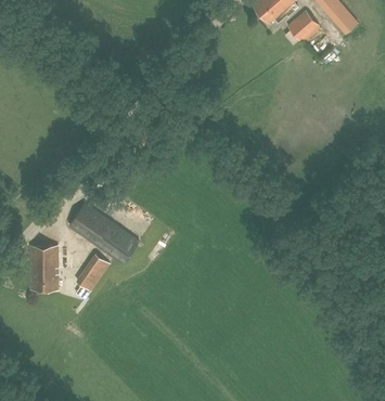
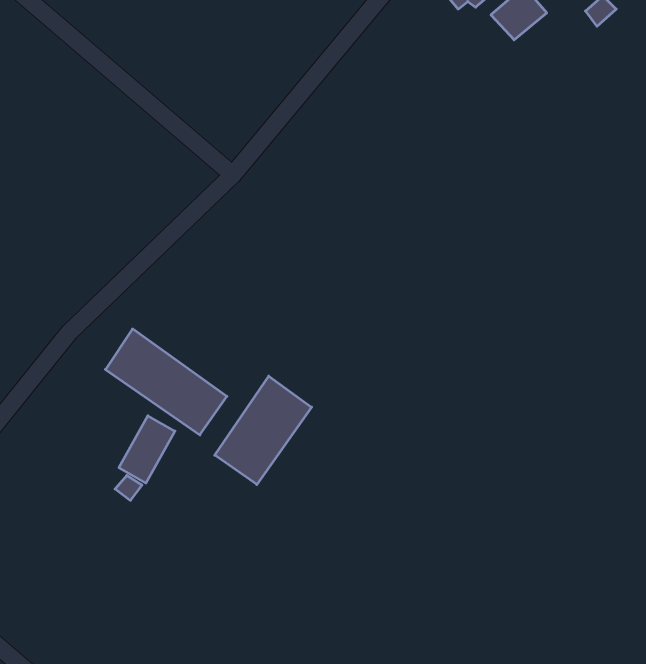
building: none -> [215,376,312,485]
building: [29,246,57,289] -> none

